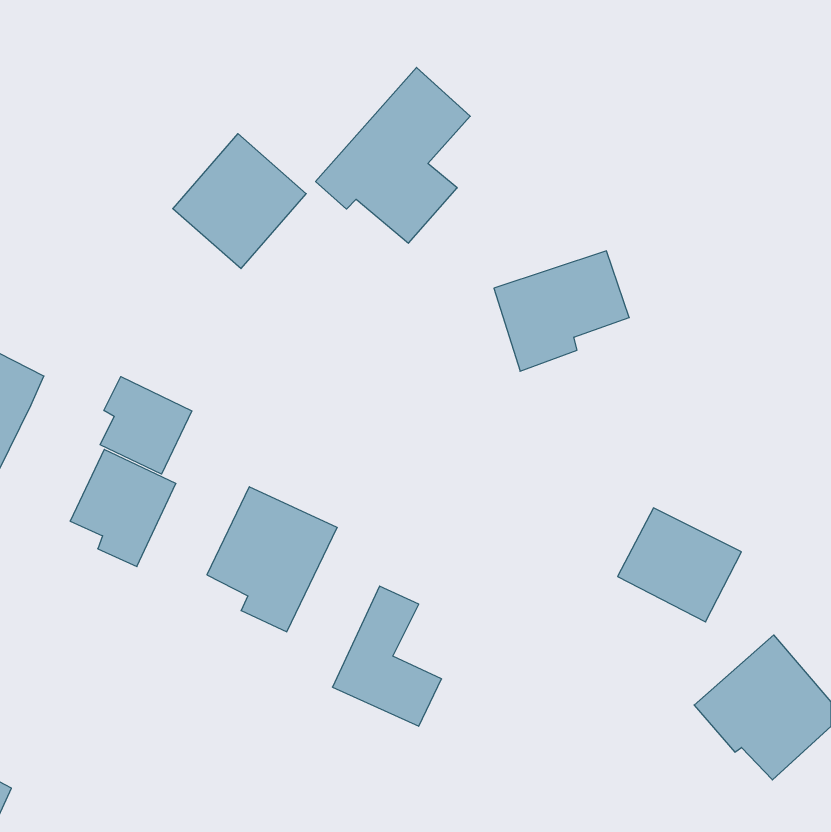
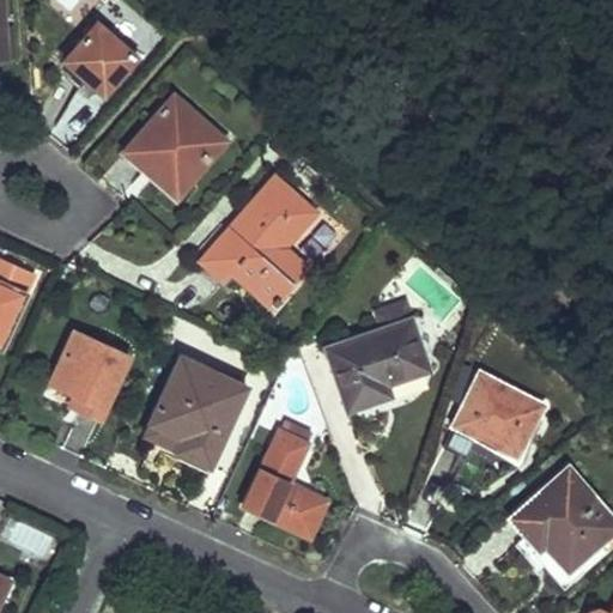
building: none -> [65,25,135,95]
building: [316,67,470,243] -> [201,177,315,306]
building: [494,251,629,371] -> [329,321,429,409]
building: [100,377,192,474] -> none

